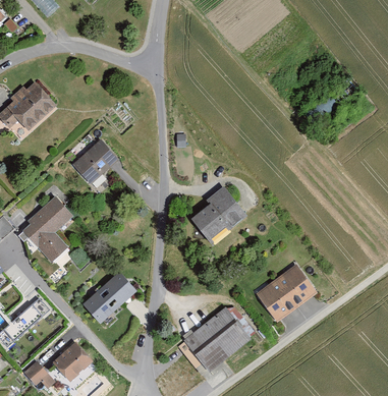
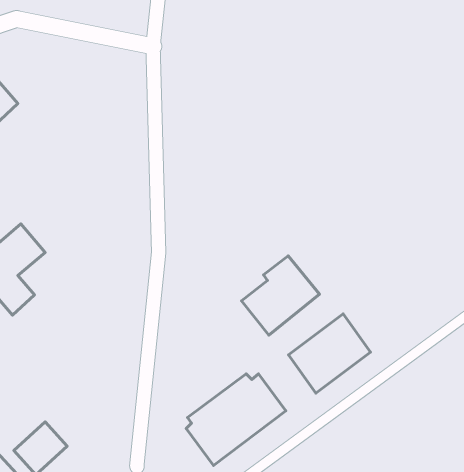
building: [70,137,117,189] -> none
building: [189,185,247,244] -> [242,256,319,335]
building: [86,272,138,325] -> none

